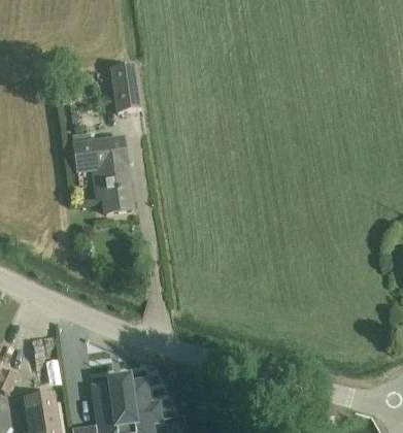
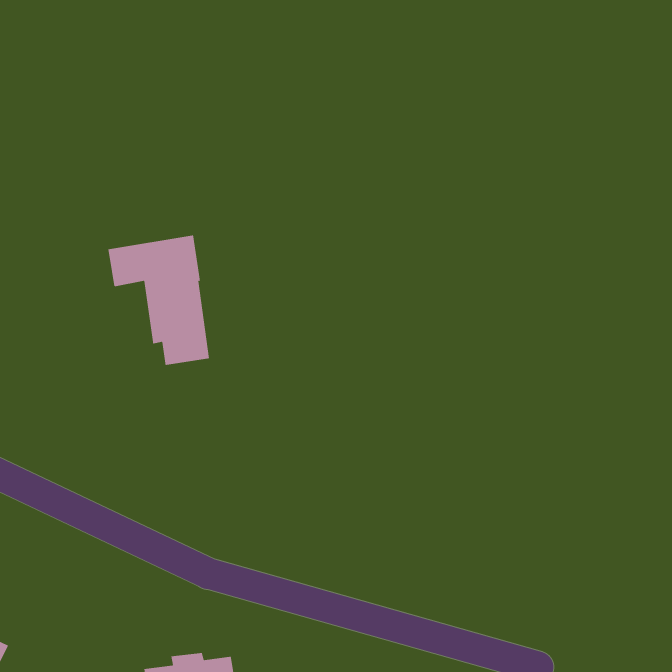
building: [110,63,143,112] -> none

